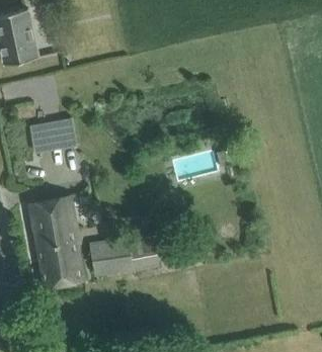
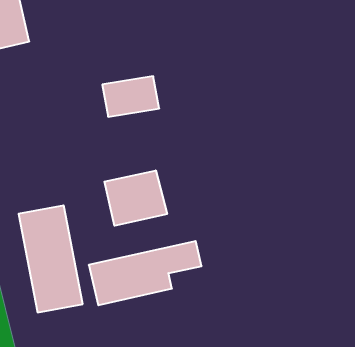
building: [29,119,78,154] -> [102,76,159,117]
building: none -> [104,170,167,226]

